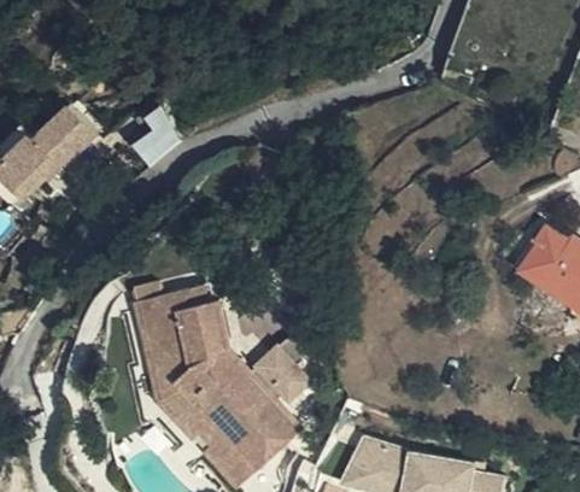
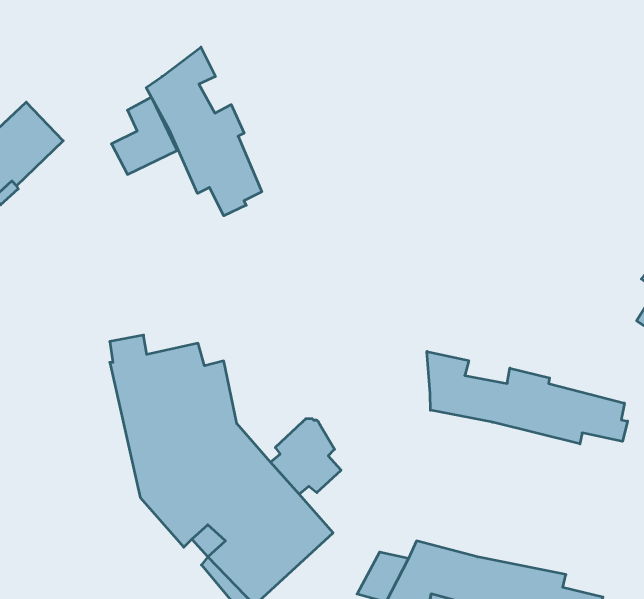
building: none -> [146,47,262,216]
building: none -> [427,351,628,444]

